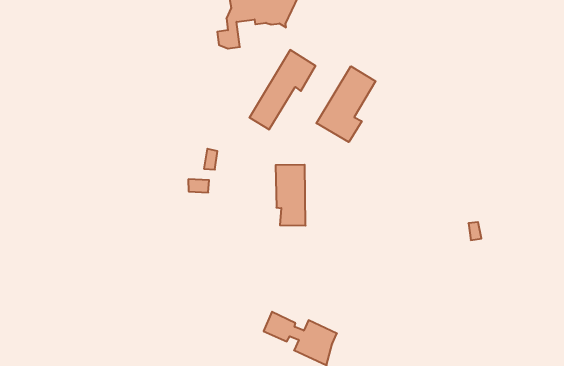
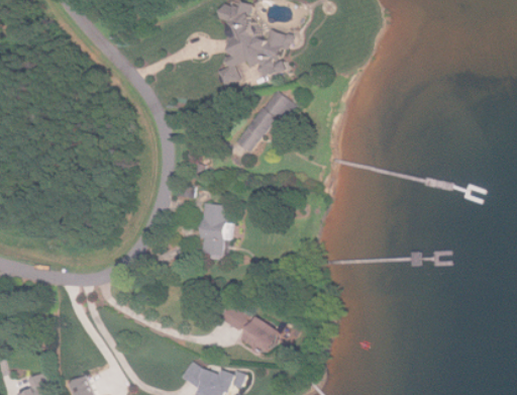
building: [316,66,376,142] -> none
building: [276,165,306,226] -> [200,203,228,257]

